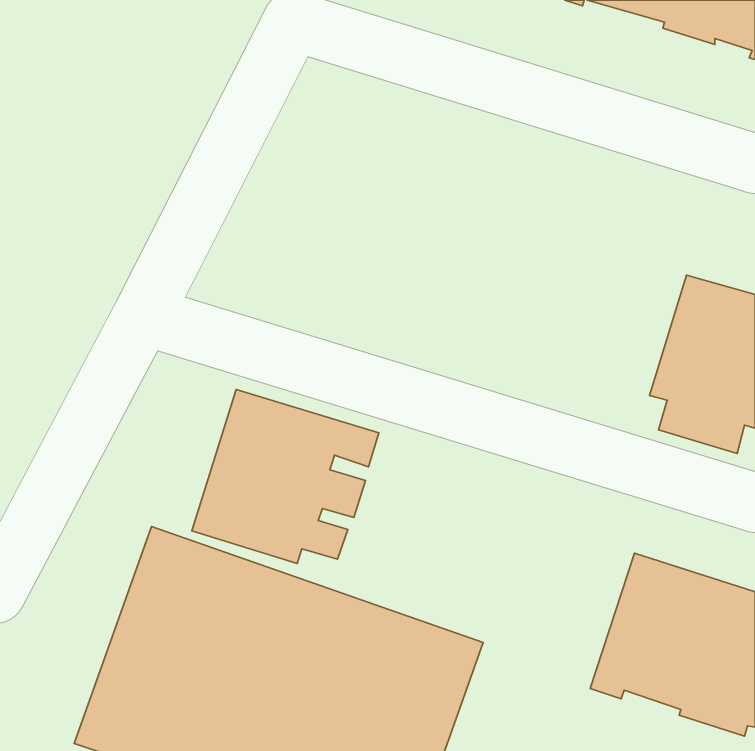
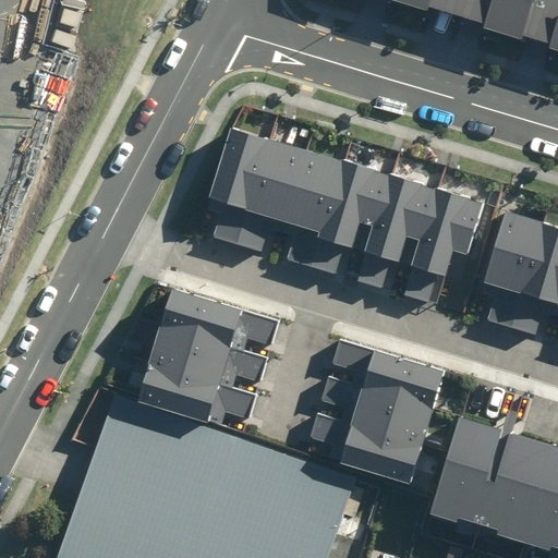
building: none -> [217,130,483,304]
building: none -> [312,347,444,483]

